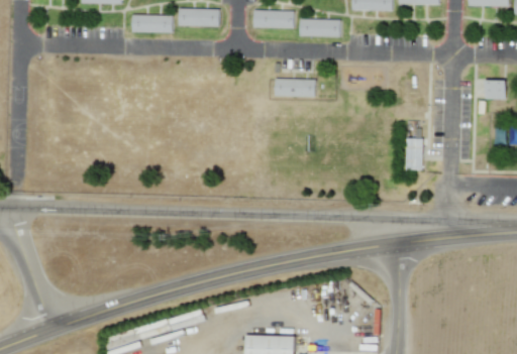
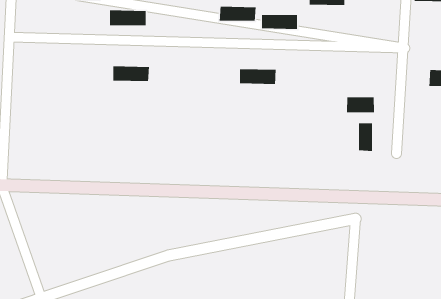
building: [178,8,219,26] -> [112,65,150,82]
building: none -> [346,97,375,113]

